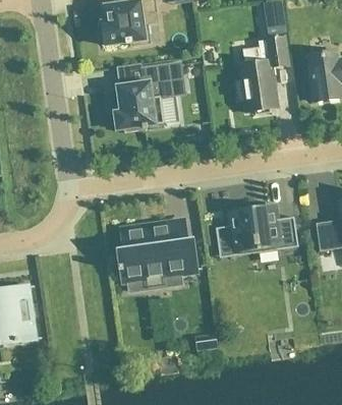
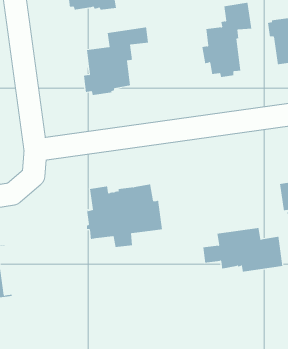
building: [215,206,297,251] -> [202,227,283,272]

